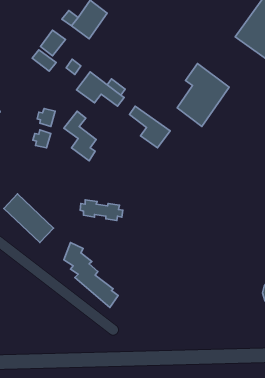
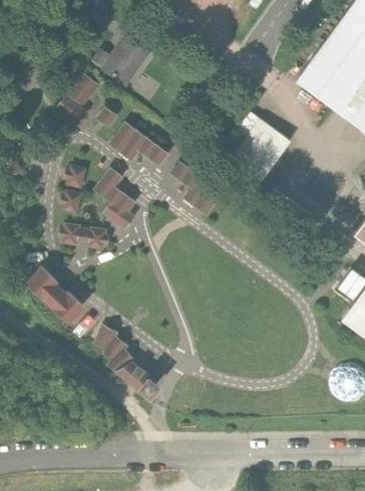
building: [80,200,123,220] -> [59,225,109,250]

